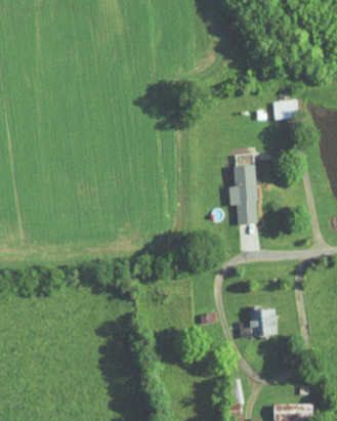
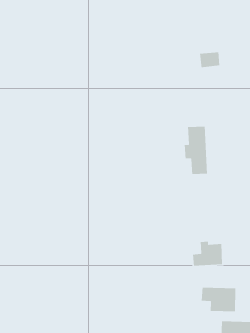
building: [272,99,298,120] -> [199,52,220,68]
building: none -> [201,287,236,312]

